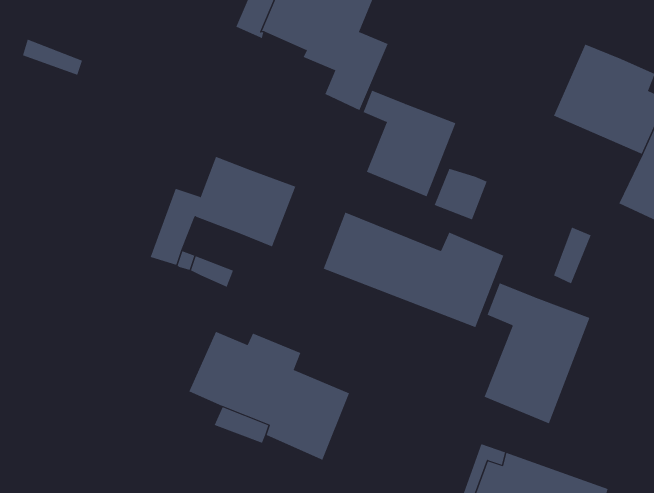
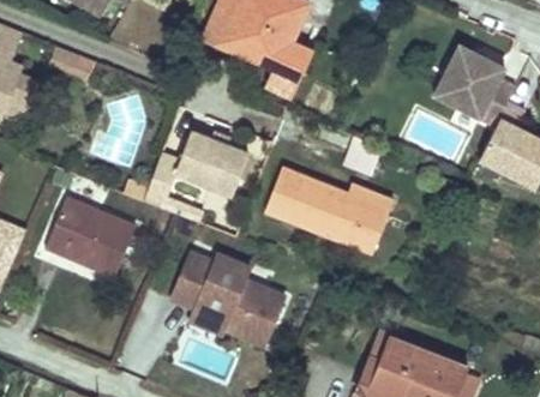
building: [363,90,456,197] -> none
building: none -> [44,197,136,275]
building: [484,282,590,424] -> none

